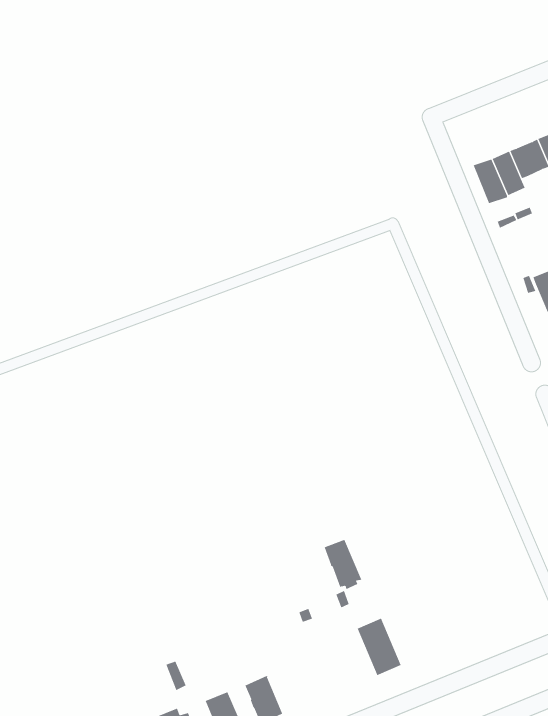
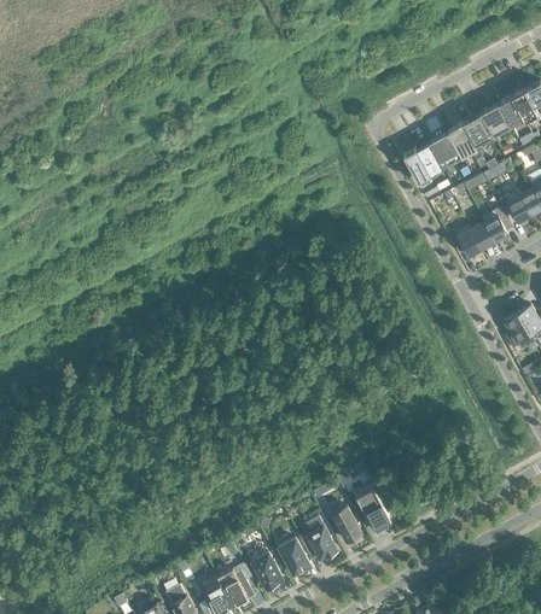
building: [324,539,362,590] -> [333,507,363,543]
building: none -> [306,526,338,560]

